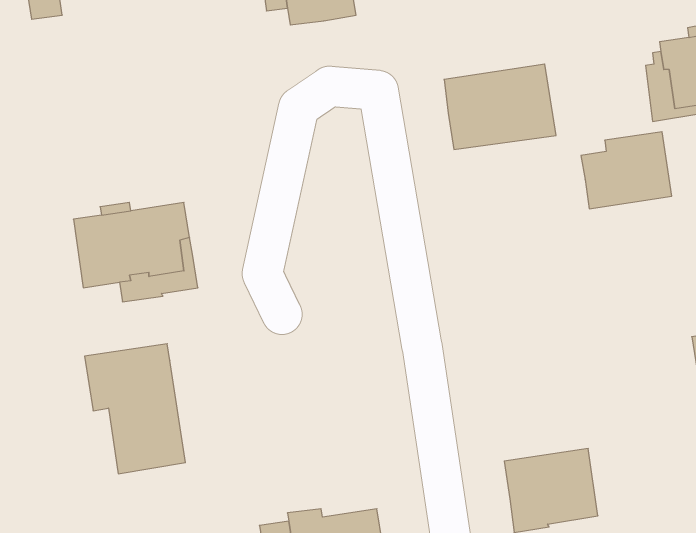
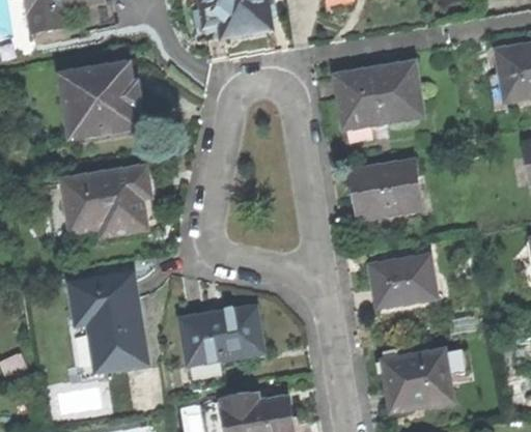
building: none -> [61,65,140,137]
building: [581,132,672,209] -> [352,161,419,218]
building: none -> [368,255,435,306]
building: none -> [183,306,263,364]

